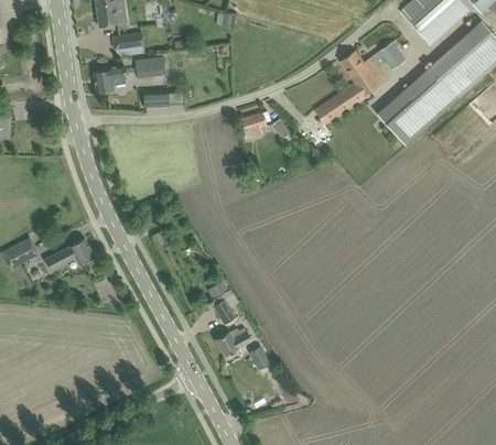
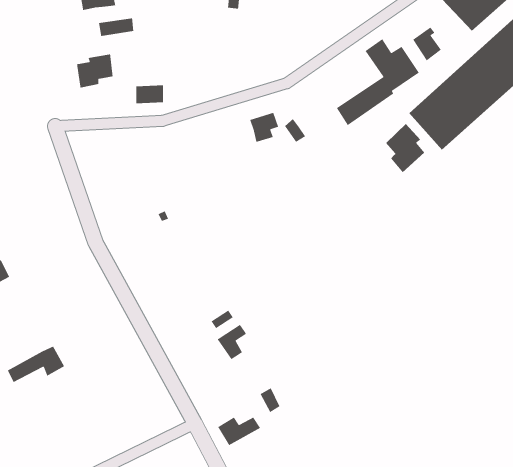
building: [134,56,164,78] -> none
building: none -> [385,123,425,173]
building: [44,238,94,270] -> [7,346,65,383]
building: [214,330,251,356] -> [217,416,261,446]

